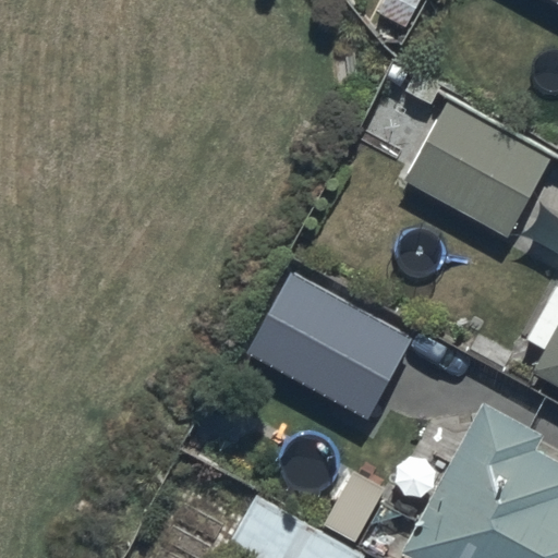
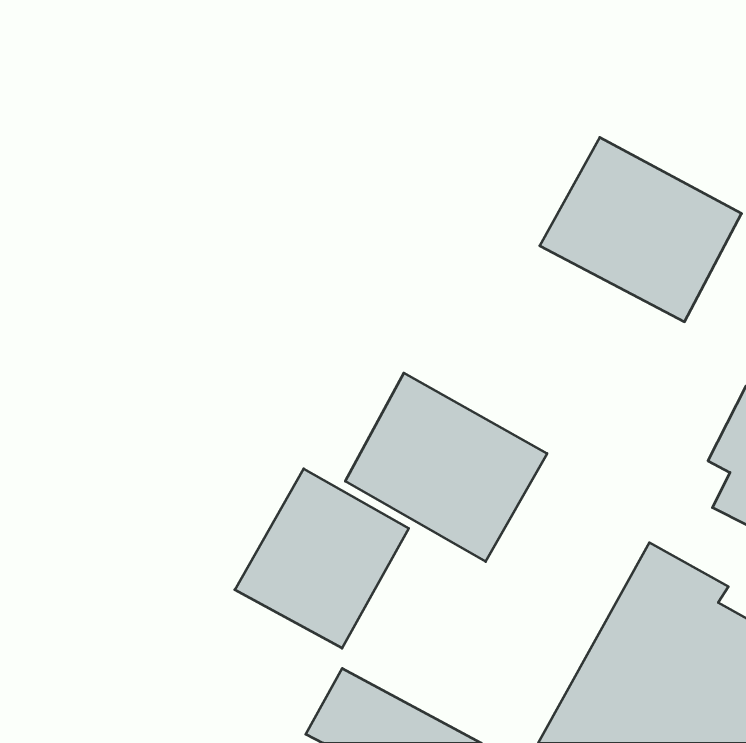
building: none -> [235,469,409,648]

